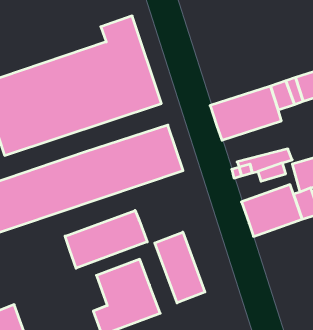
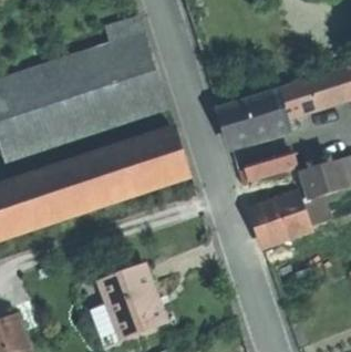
building: [65,210,147,268] -> none
building: [155,232,205,303] -> none

